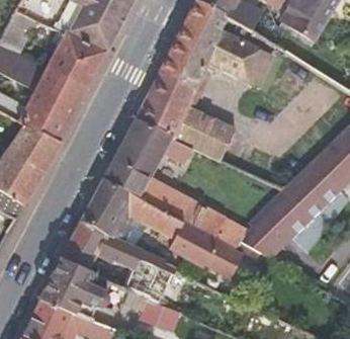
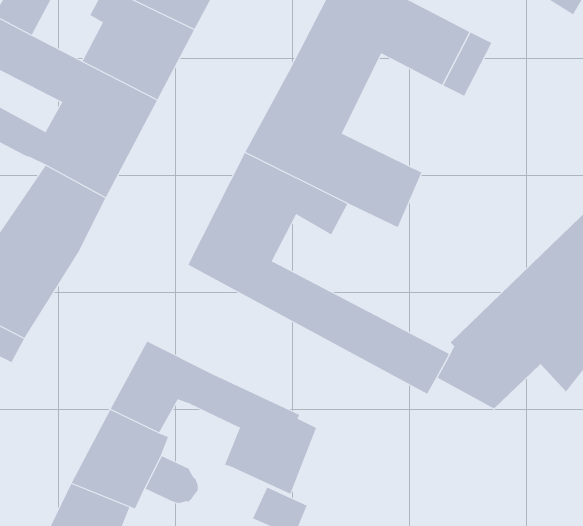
building: [82,179,243,279] -> none

